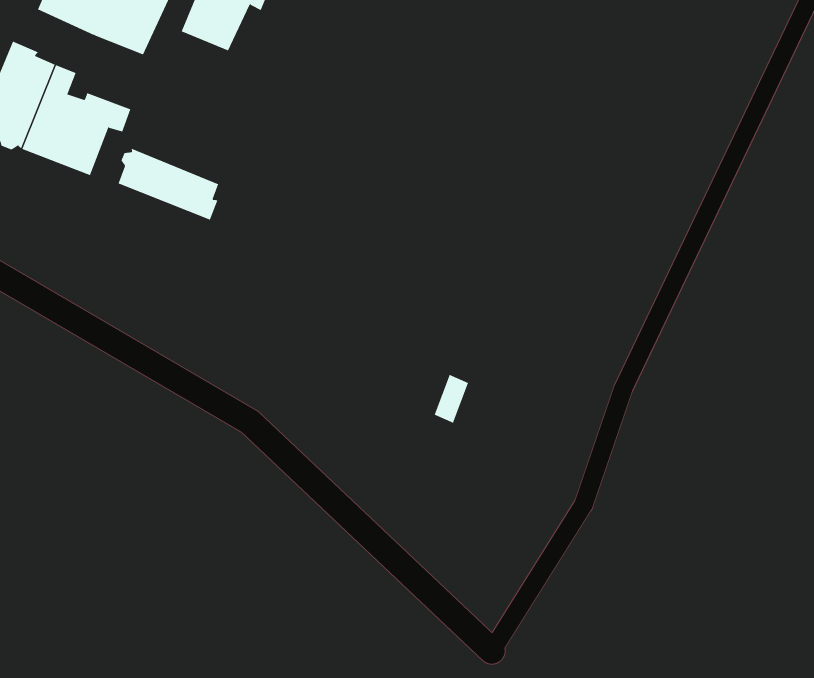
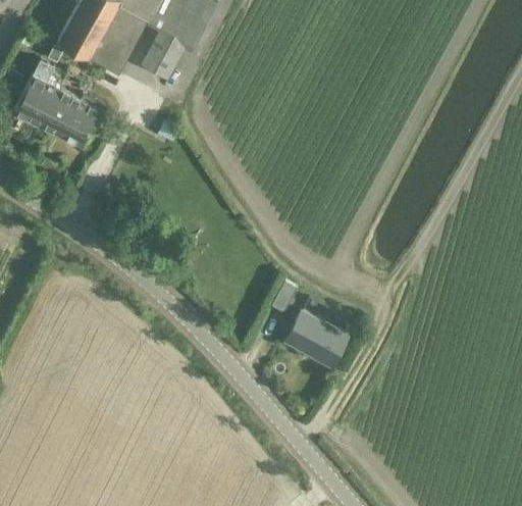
building: [118,148,219,221] -> none
building: none -> [288,311,349,367]

